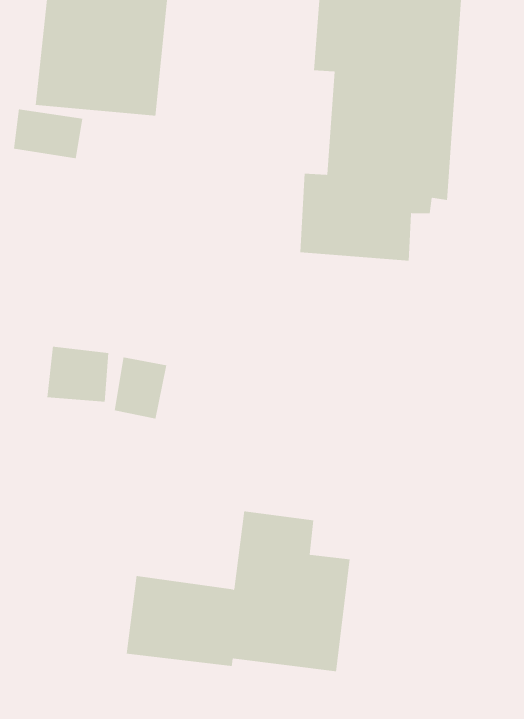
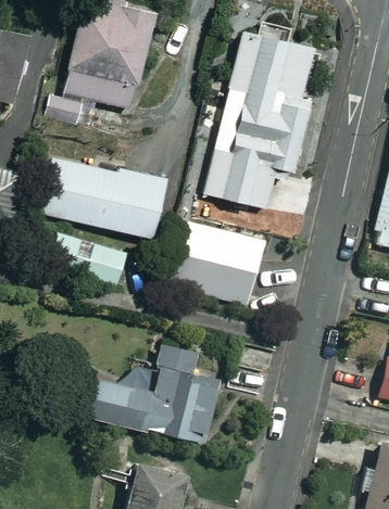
building: none -> [41,157,180,273]
building: none -> [173,221,262,304]

